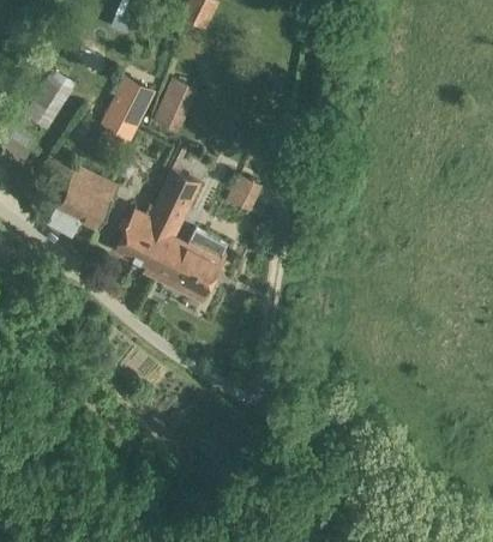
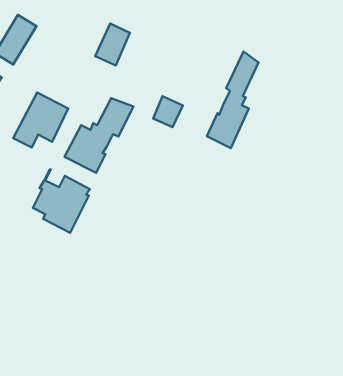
building: [101,78,154,137] -> none
building: none -> [207,52,258,148]
building: [154,221,227,302] -> [33,169,90,233]

